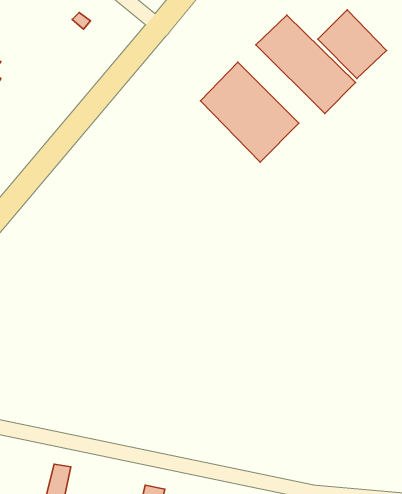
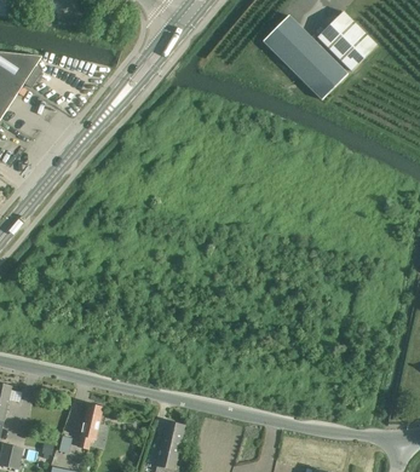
building: [201,62,299,162] -> none

